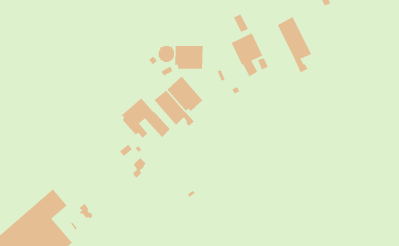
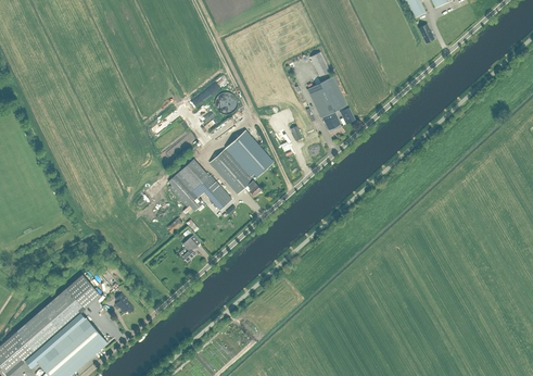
building: [277,16,312,73] -> none
building: [175,45,203,70] -> none

